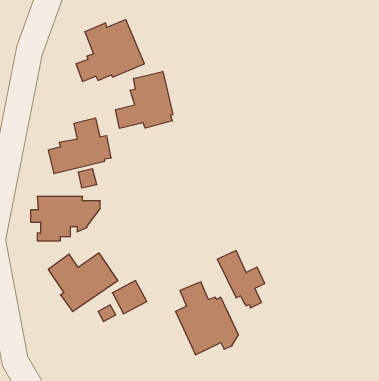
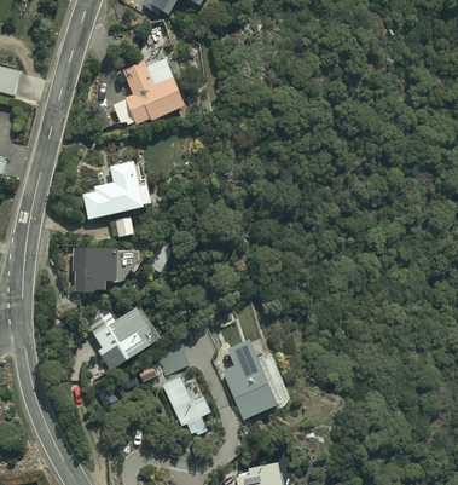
building: [115,71,173,128] -> none
building: [217,250,265,308] -> [160,373,211,435]

